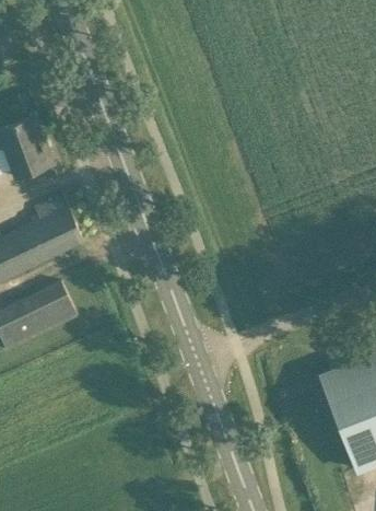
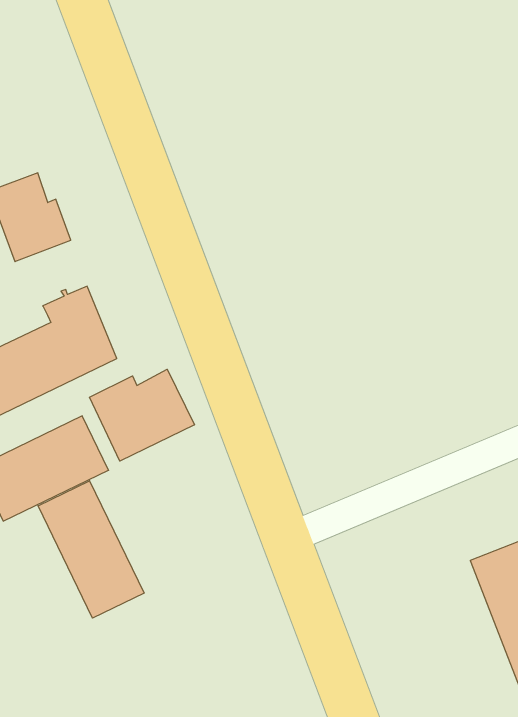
building: none -> [89,369,194,461]
building: none -> [38,481,144,618]

